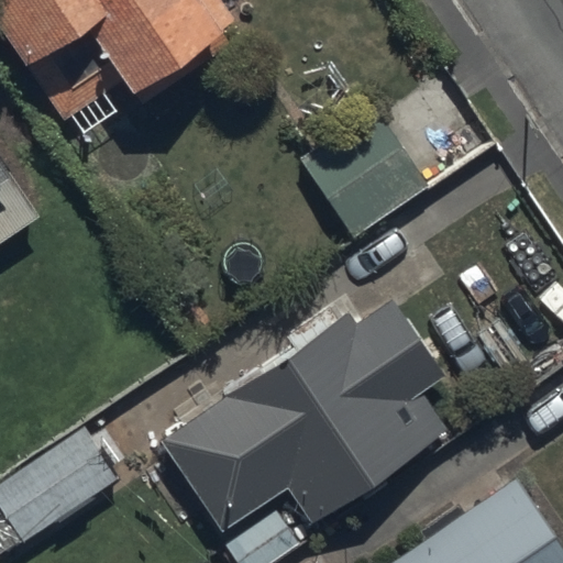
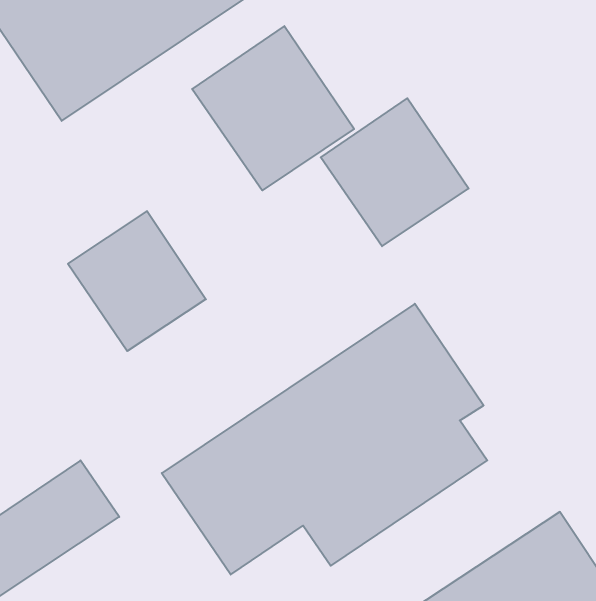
building: none -> [192,26,354,190]
building: none -> [68,211,206,351]

